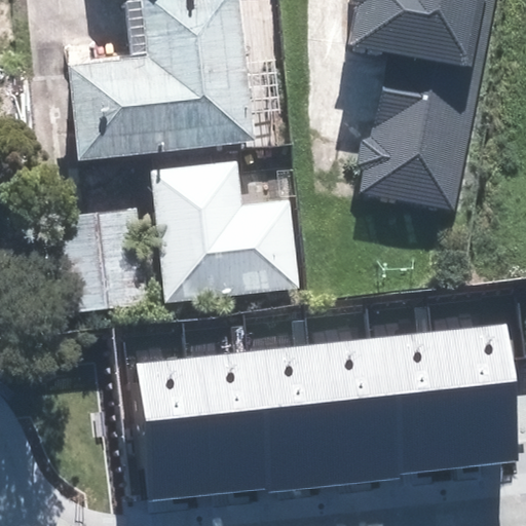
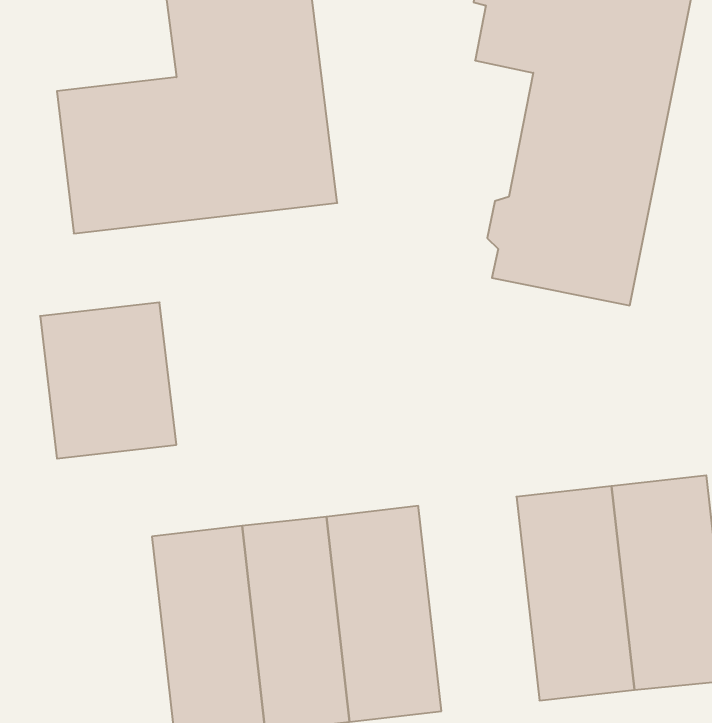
building: [149,160,300,302] -> none
building: [310,338,391,482] -> none

